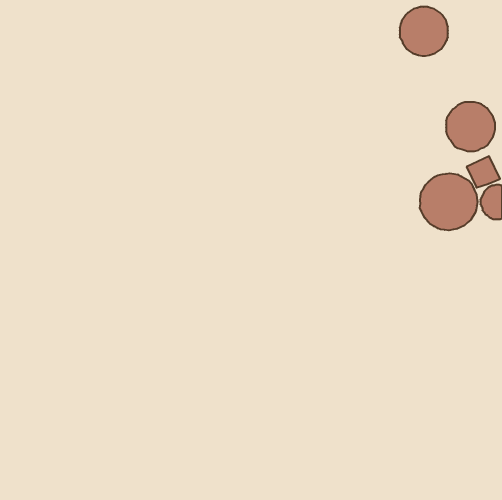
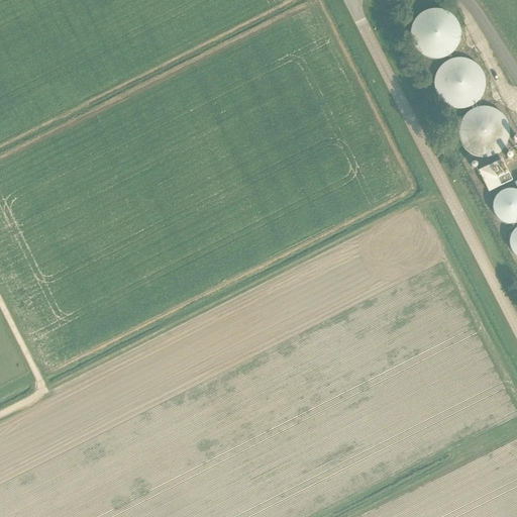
building: none -> [434,56,485,107]
building: [420,173,477,230] -> none

